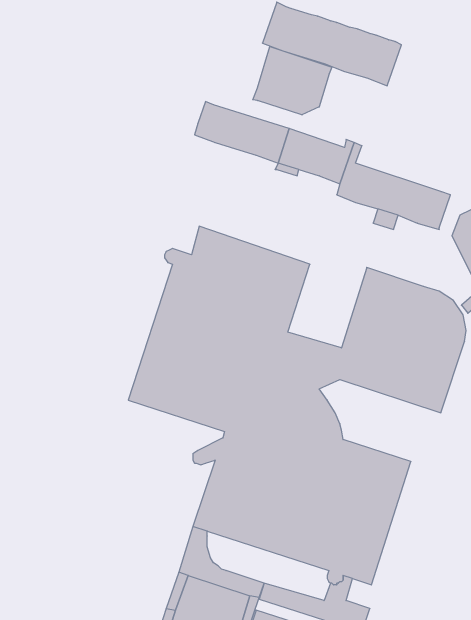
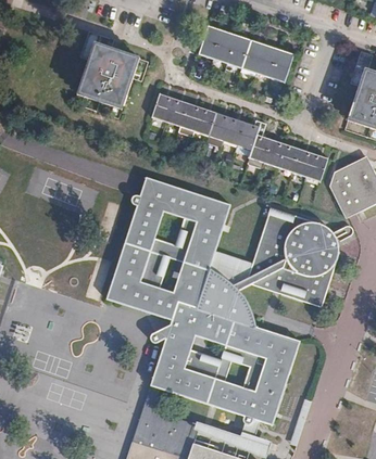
building: none -> [78,44,136,107]
building: [253,47,332,115] -> none

